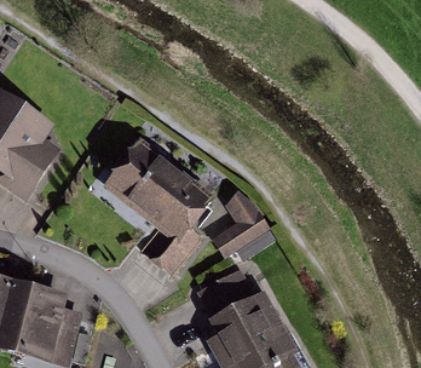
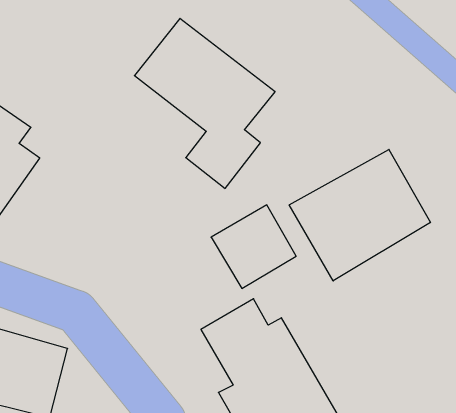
building: [99,134,215,275] -> [134,18,275,188]
building: none -> [289,149,430,281]

